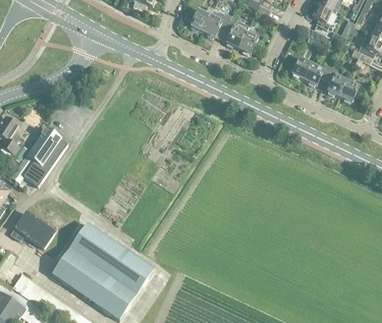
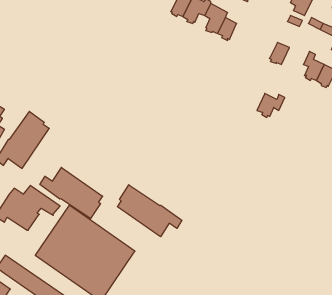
building: [304,61,332,86] -> [257,93,285,117]
building: none -> [40,167,103,219]
building: none -> [117,185,182,237]

